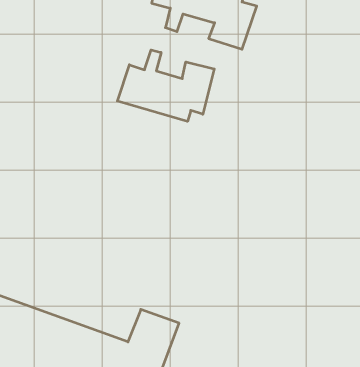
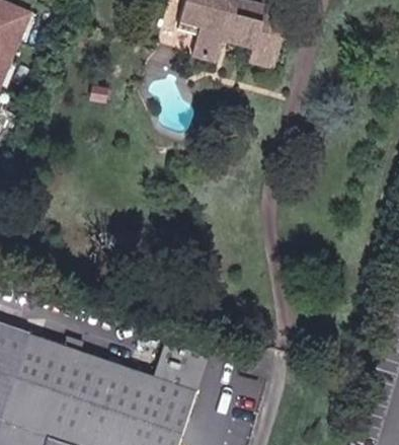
building: [117,50,214,121] -> none

